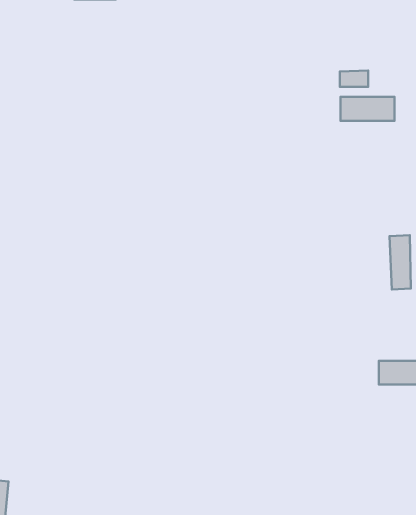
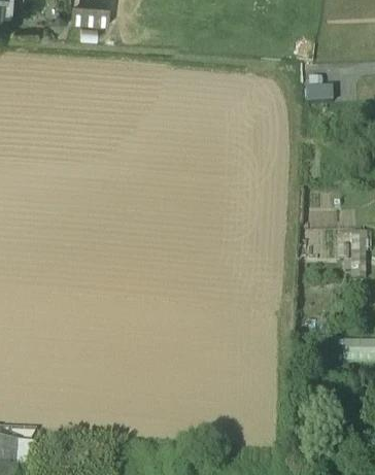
building: [340,97,394,121] -> none

